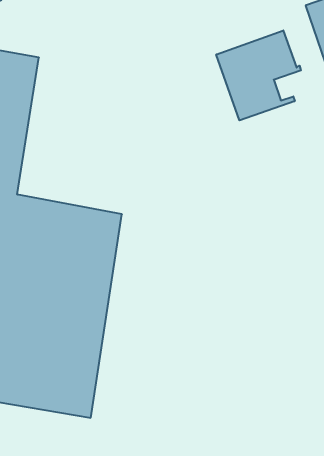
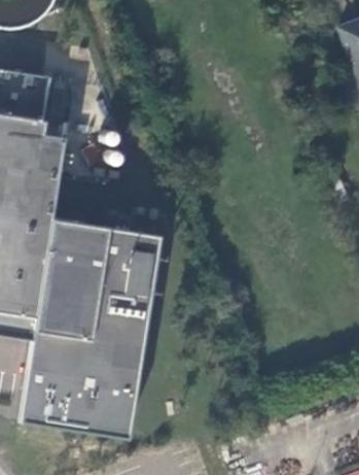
building: [216,30,301,120] -> none

